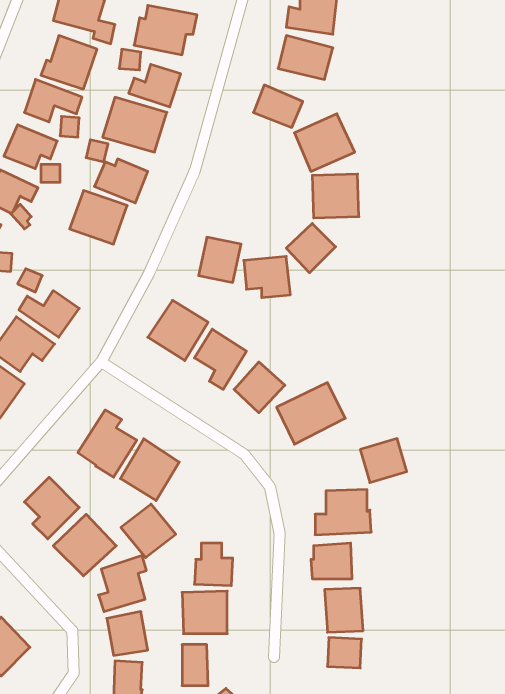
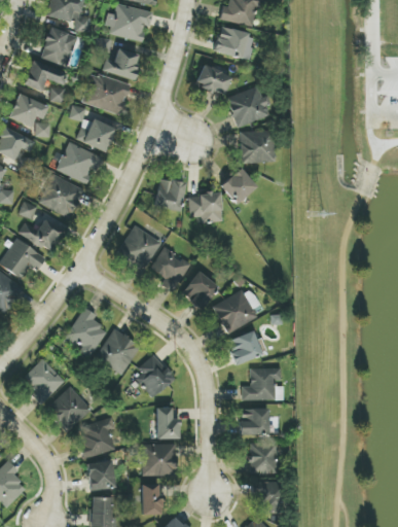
building: none -> [39,174,84,218]
building: [360,439,407,483] -> [226,331,261,364]
building: [121,504,176,558] -> [134,357,175,397]

